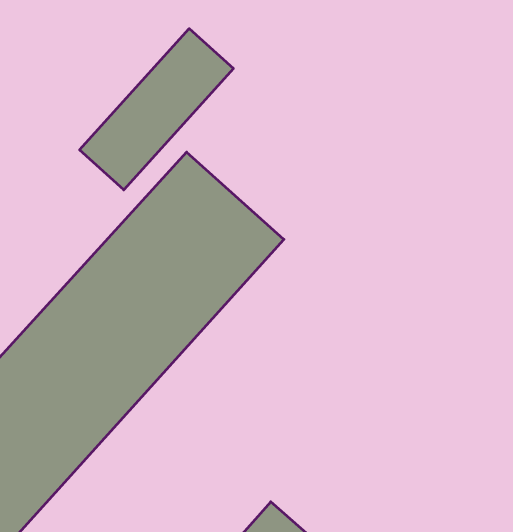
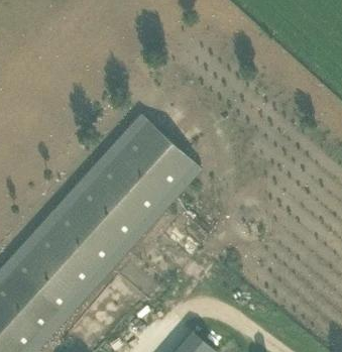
building: [80,29,233,190] -> none

